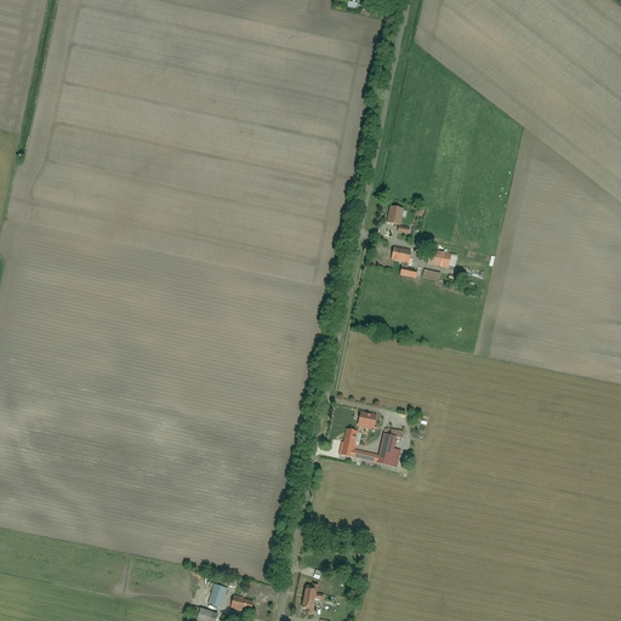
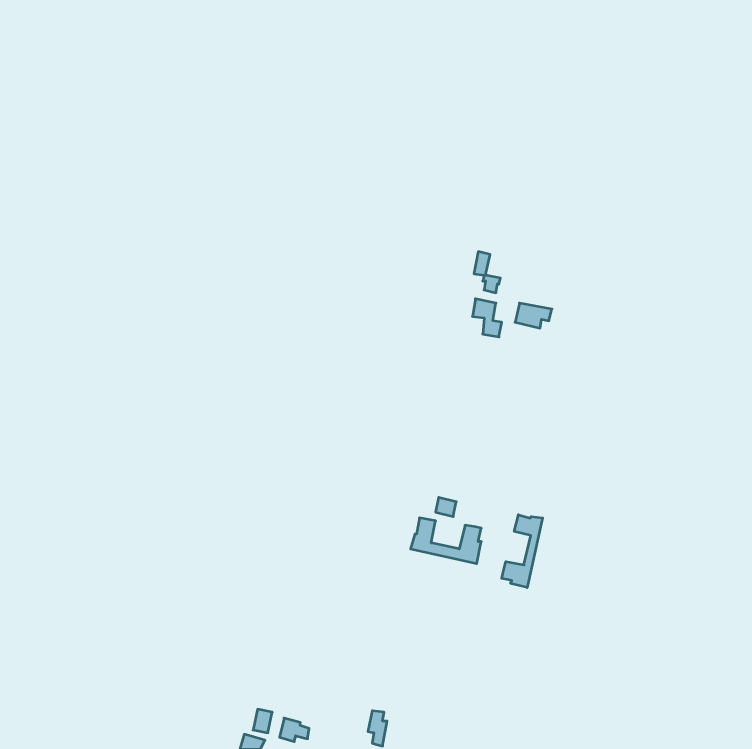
building: none -> [502,515,543,588]

